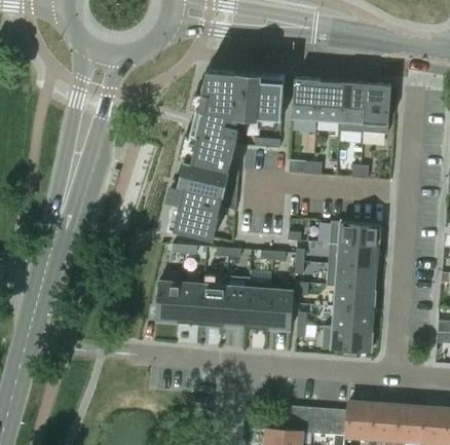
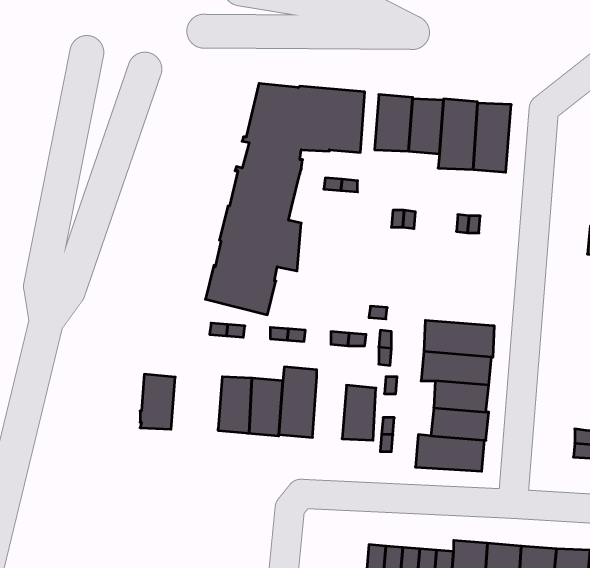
building: [328,222,378,247] -> none
building: [154,282,180,322] -> [140,374,175,429]
building: [246,284,270,330] -> none

